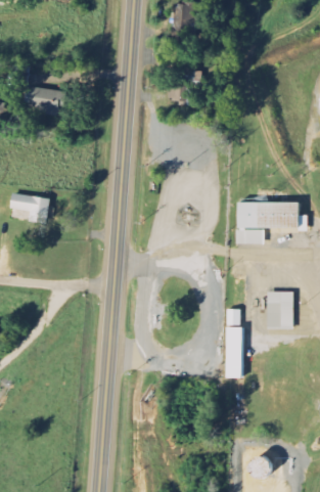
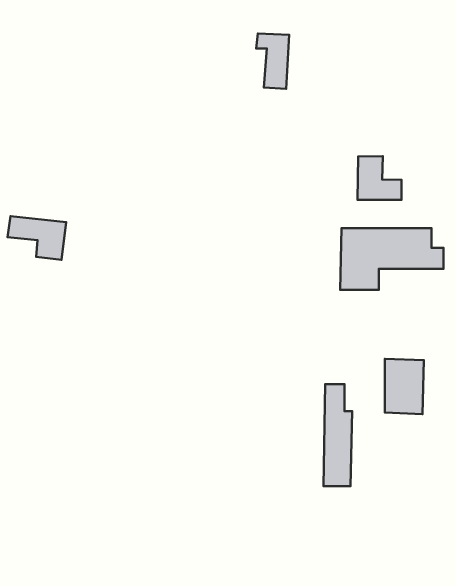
building: [29,87,65,115] -> none
building: none -> [357,156,402,200]

